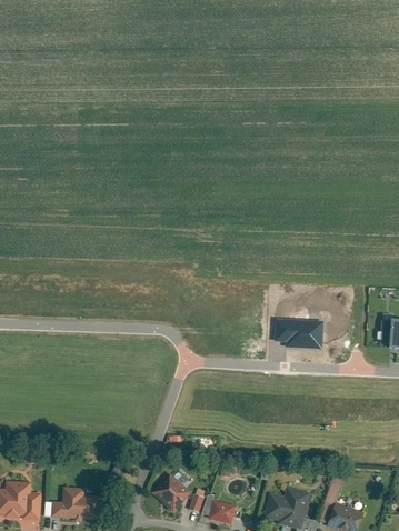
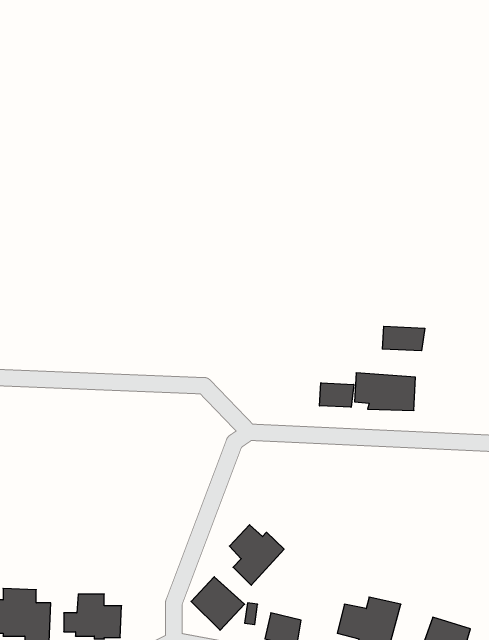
building: none -> [382,326,425,351]
building: none -> [320,383,354,407]
building: none -> [229,525,284,585]

